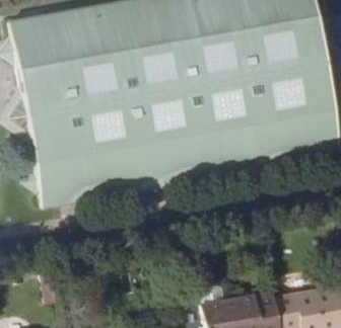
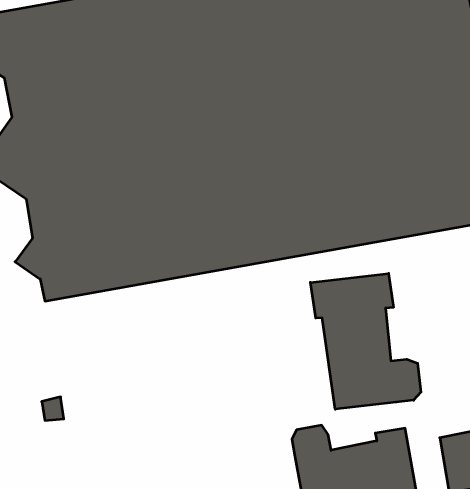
building: none -> [310,273,421,409]

